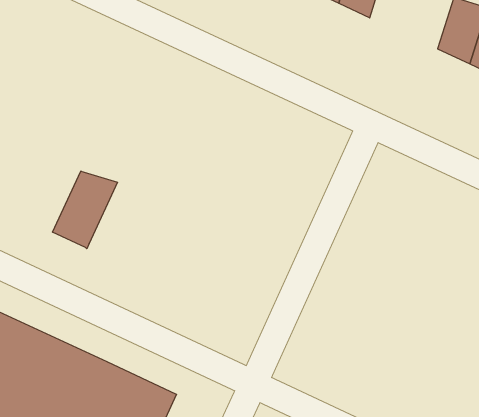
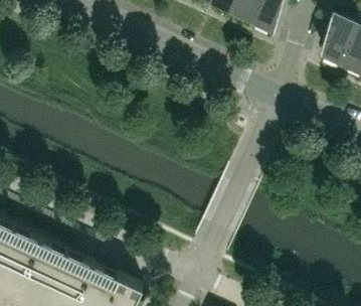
building: [53,171,118,249] -> none

